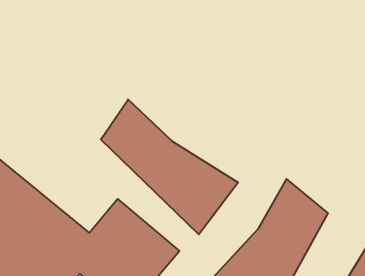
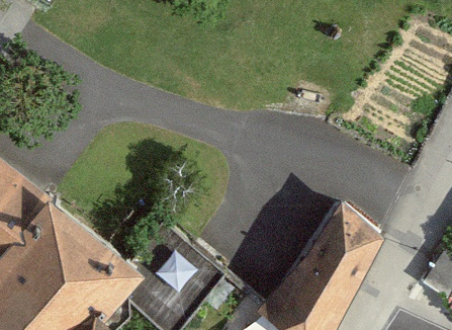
building: [101,99,238,234] -> none

